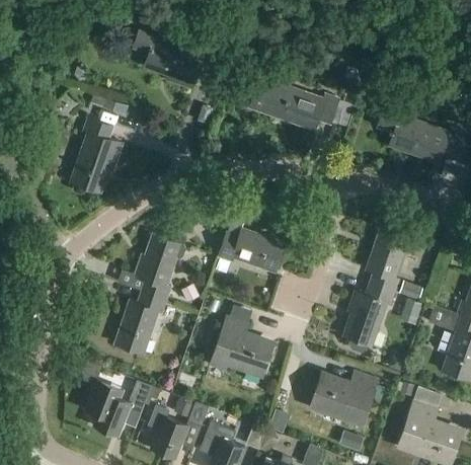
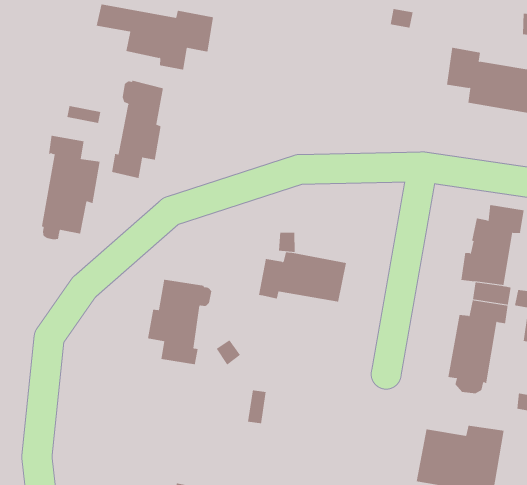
building: [249,70,337,128] -> none
building: none -> [112,80,164,179]
building: [114,291,165,354] -> none
building: [209,316,271,377] -> none

